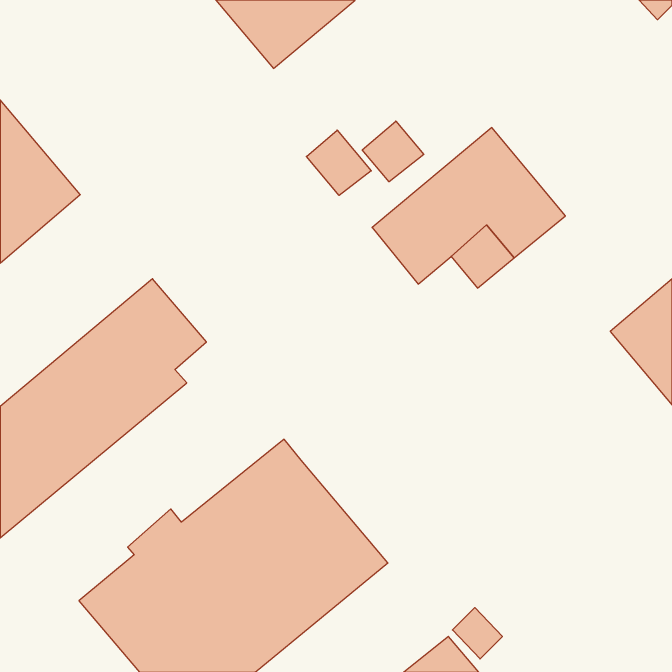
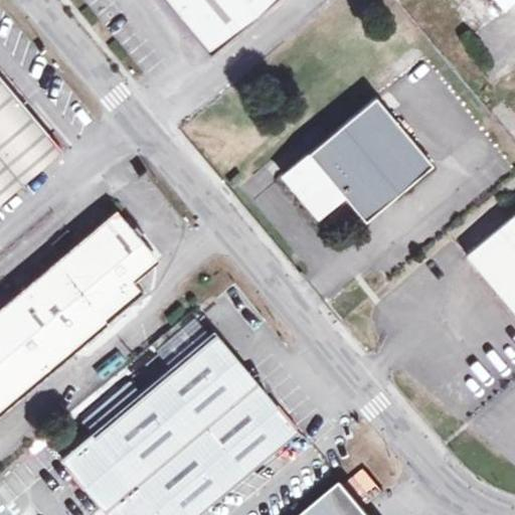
building: [362,121,424,182] -> none
building: [306,130,371,195] -> none

